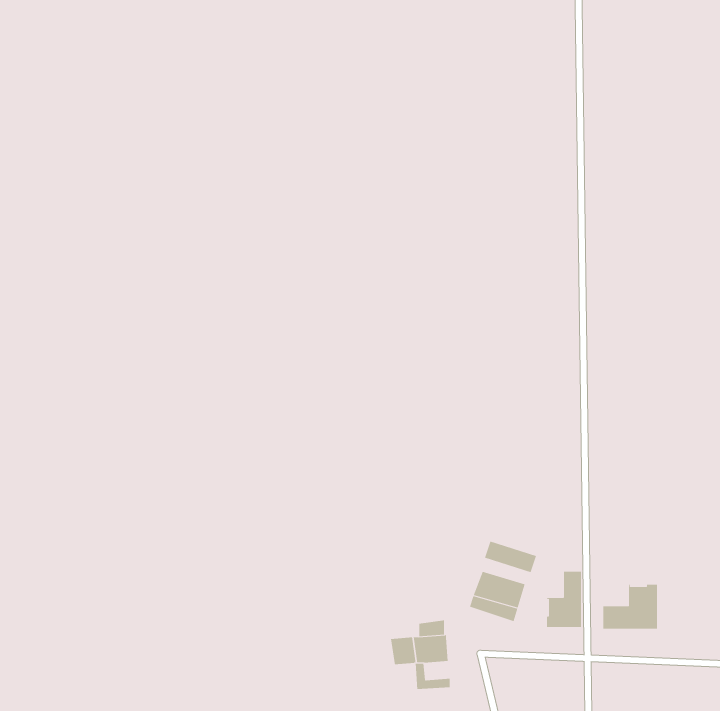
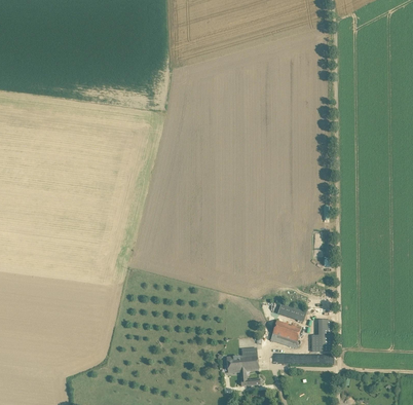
building: [603,584,657,630] -> none

